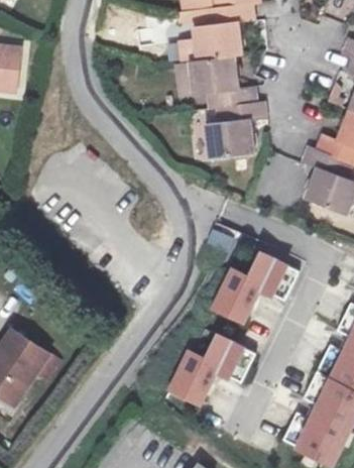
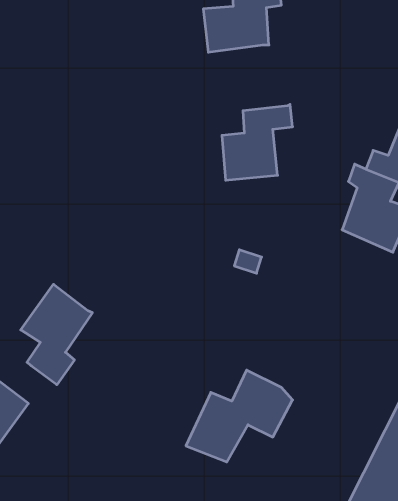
building: [183,61,253,116] -> none
building: [214,242,302,319] -> none
building: none -> [21,284,92,385]

